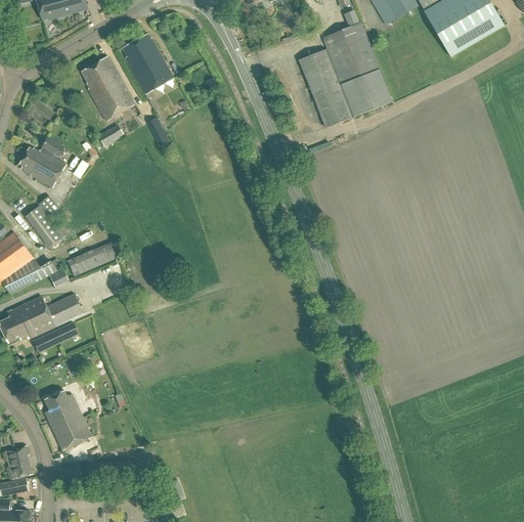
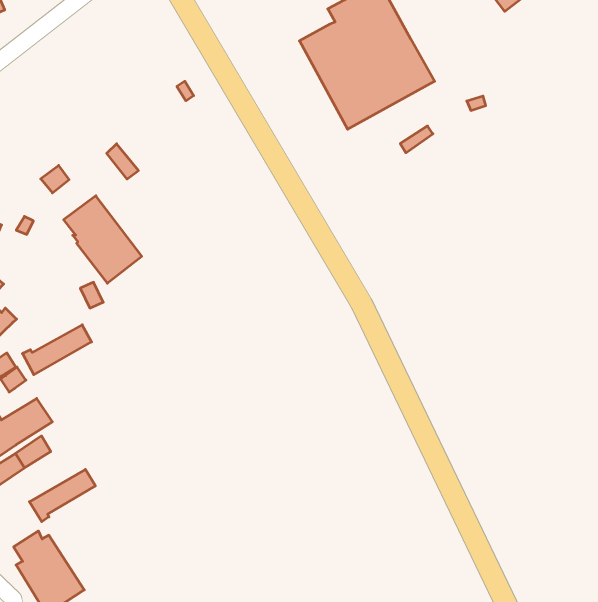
building: [122,33,174,93] -> none
building: [81,55,134,120] -> [64,196,142,283]
building: none -> [29,469,95,522]

